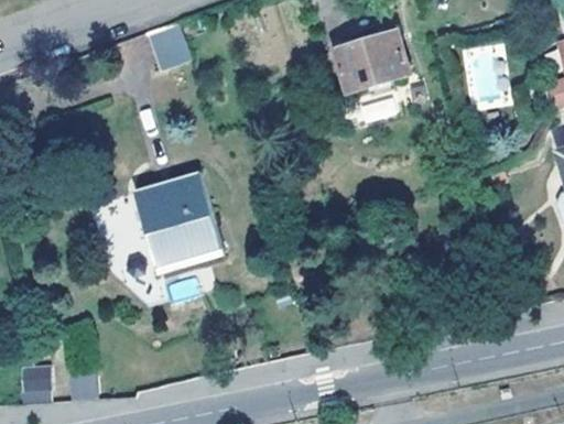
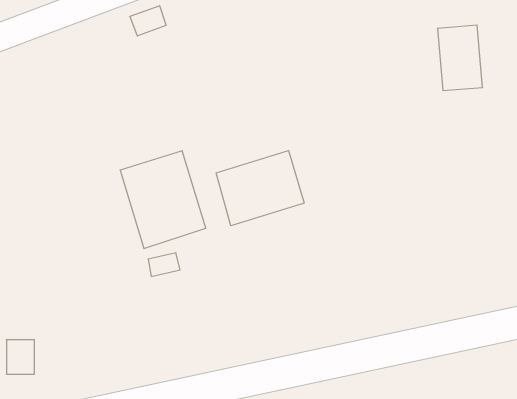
building: [335,29,412,91] -> none
building: none -> [216,151,304,226]

